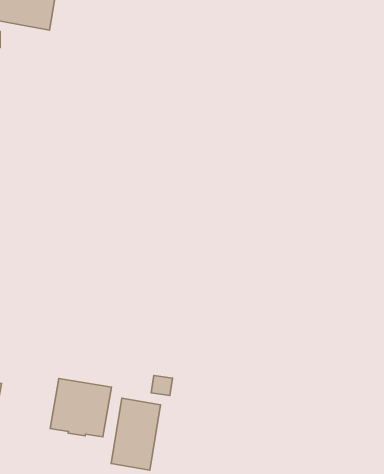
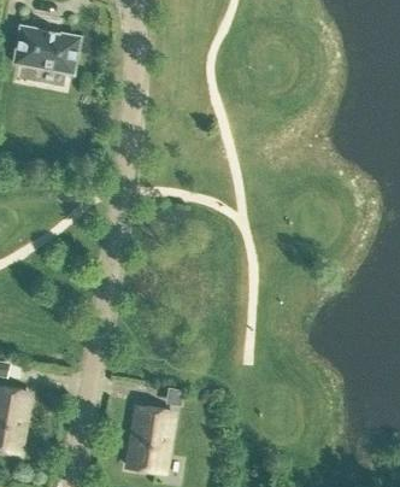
building: [50,379,112,437] -> none

